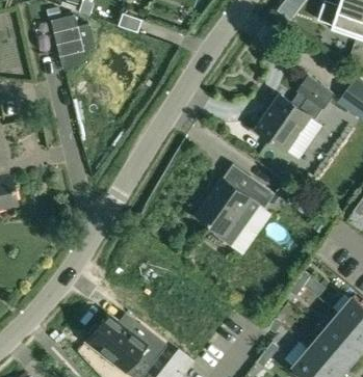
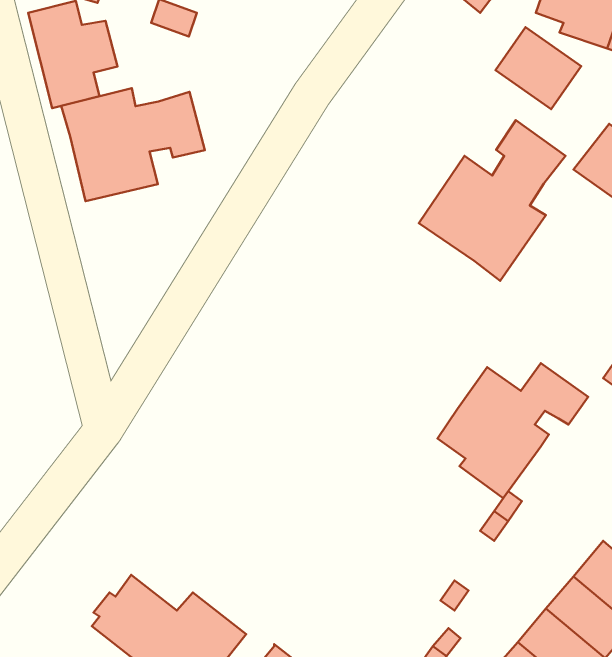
building: none -> [495,27,581,109]
building: none -> [61,88,205,201]
building: [197,176,276,246] -> [438,363,588,498]

